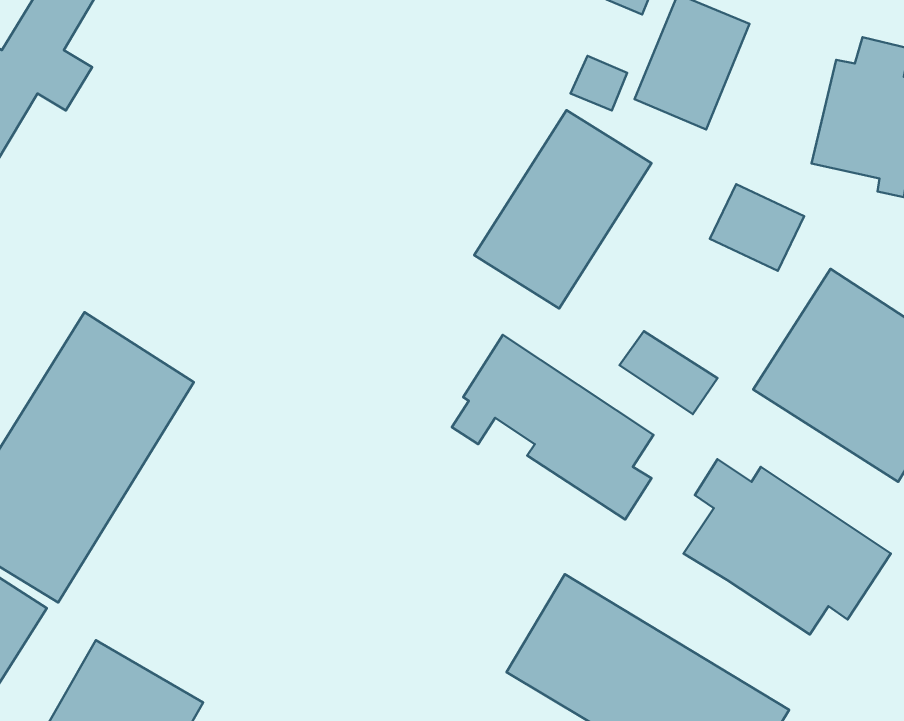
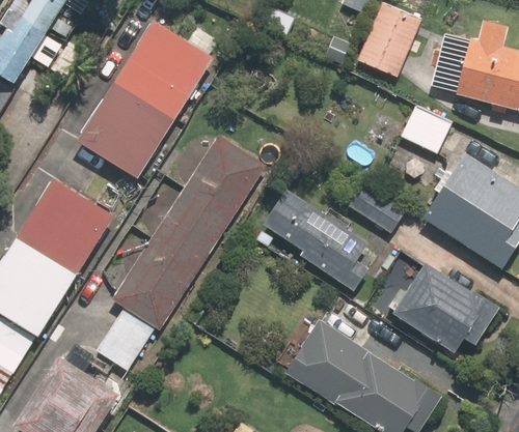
building: none -> [77,20,212,178]
building: [474,110,651,308] -> none
building: none -> [95,135,265,369]

